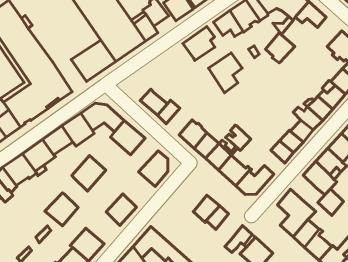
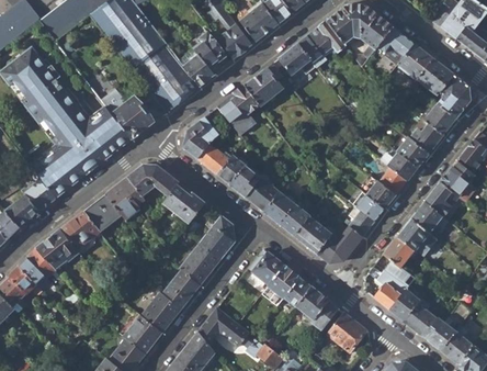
building: [265,33,295,63] -> [398,44,433,80]
building: none -> [89,105,131,151]
building: [208,53,242,93] -> [217,86,258,134]
building: none -> [182,116,218,157]
building: none -> [229,164,260,195]
building: [225,125,251,150] -> [343,206,374,236]
building: [72,156,106,191] -> [180,243,220,285]
building: none -> [252,252,283,285]
building: [318,189,344,215] -> [383,235,414,267]
building: [45,193,78,226] -> [141,292,181,331]
building: none -> [296,286,328,319]

